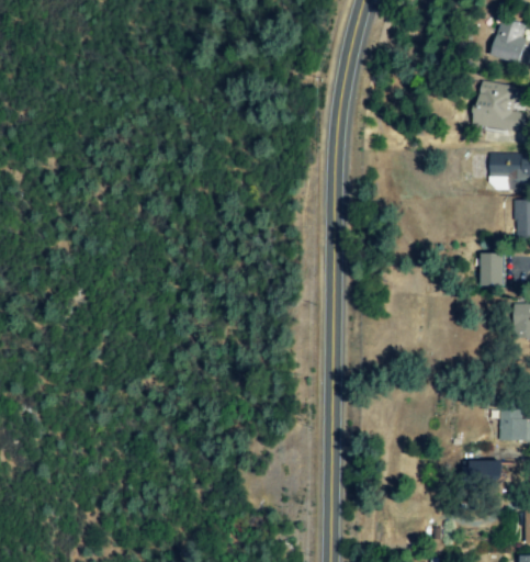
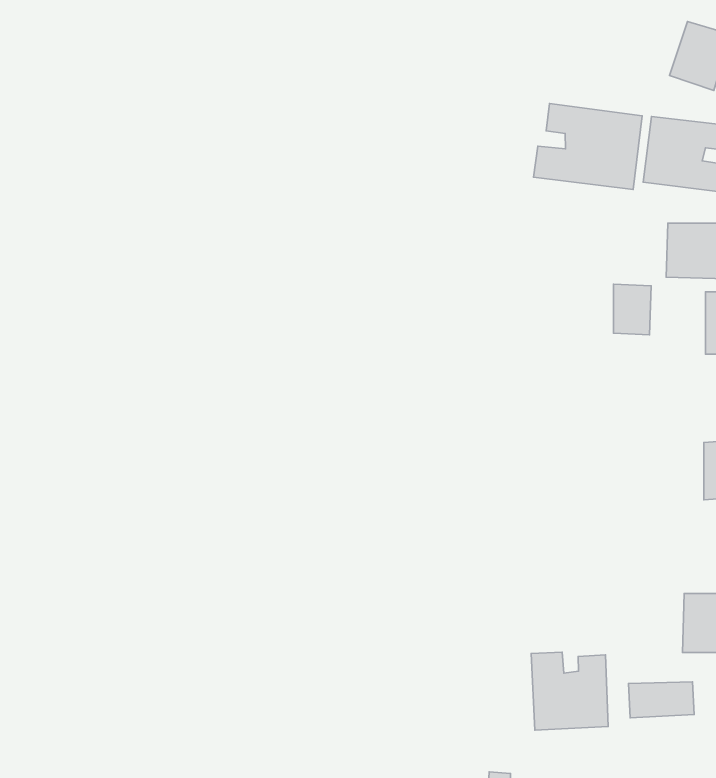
building: none -> [534,103,642,189]
building: [482,252,507,286] -> [613,284,651,335]
building: none -> [531,652,608,730]

